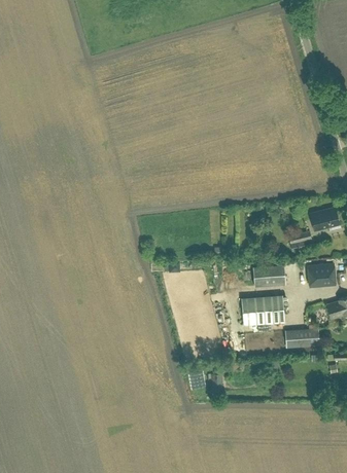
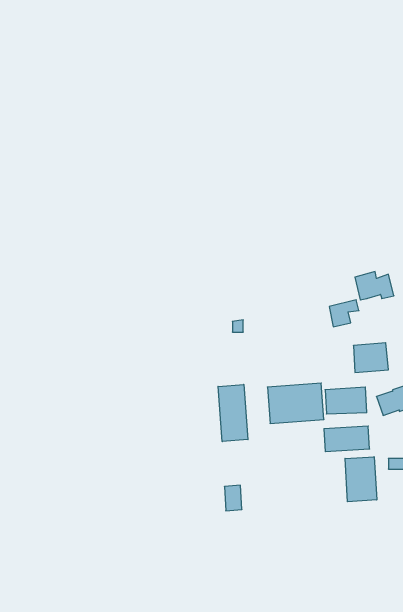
building: [252,265,284,286] -> [325,387,367,414]
building: none -> [218,384,248,442]
building: none -> [345,457,377,502]

